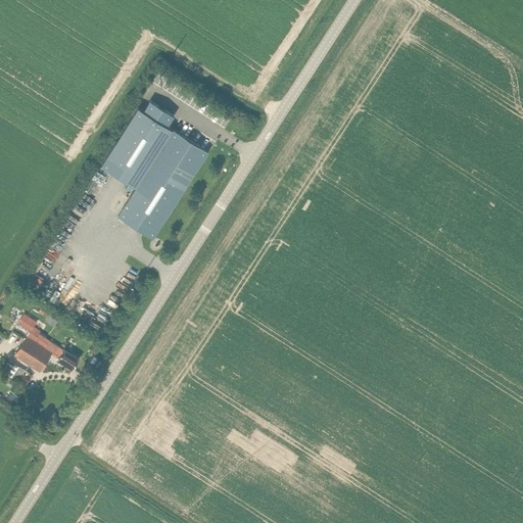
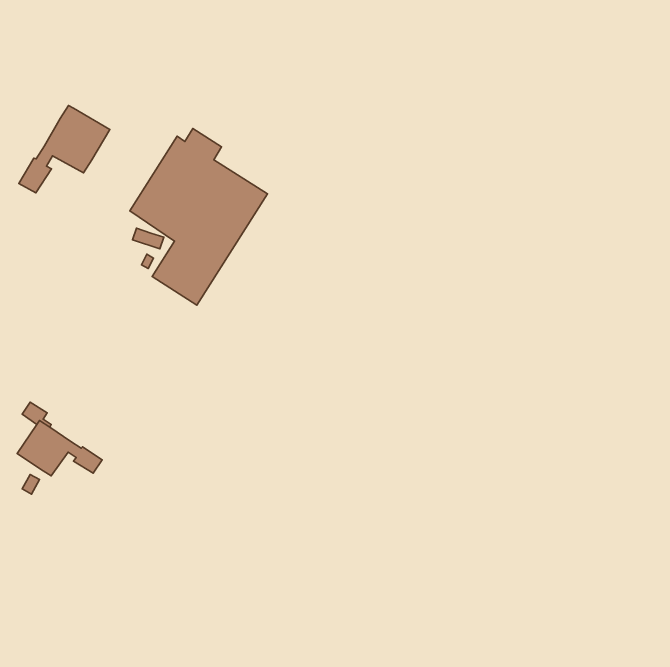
building: none -> [19,105,110,193]

